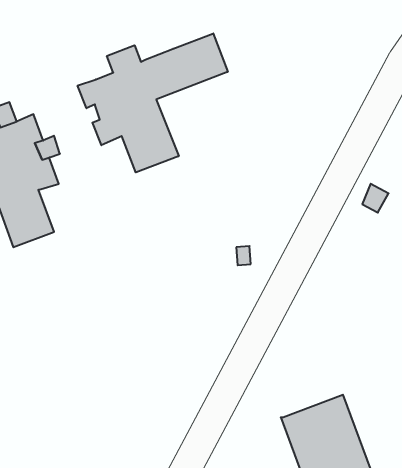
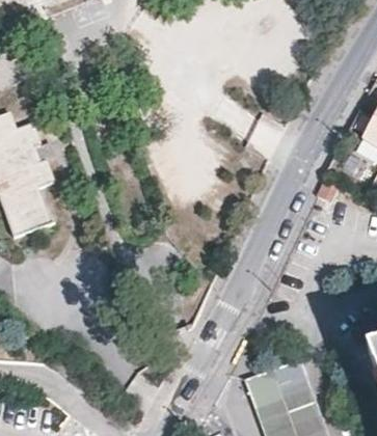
building: [78,33,228,172] -> none

